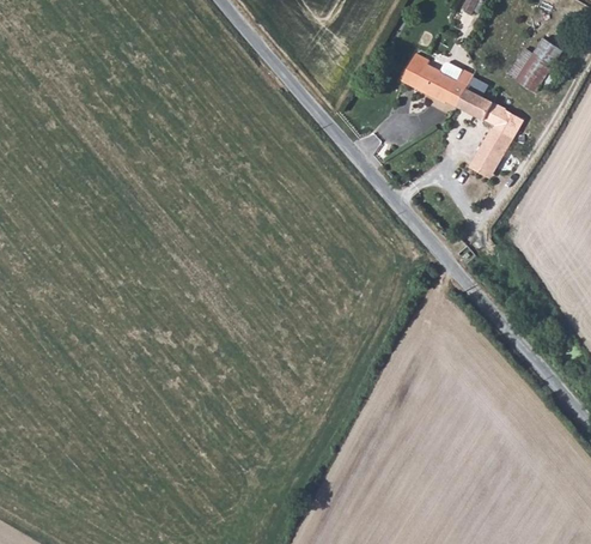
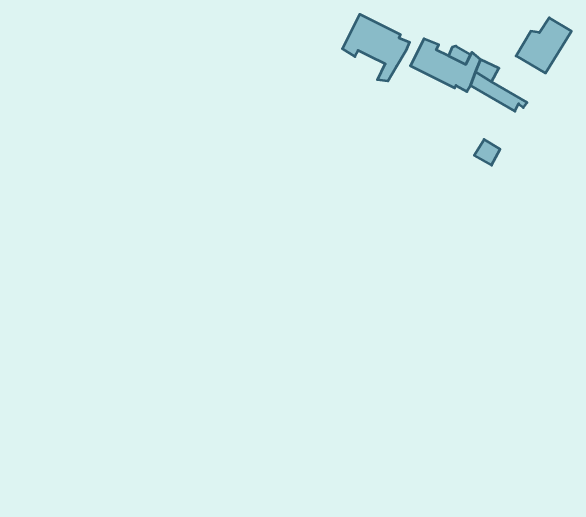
building: none -> [342,14,410,81]
building: [476,126,513,167] -> none

